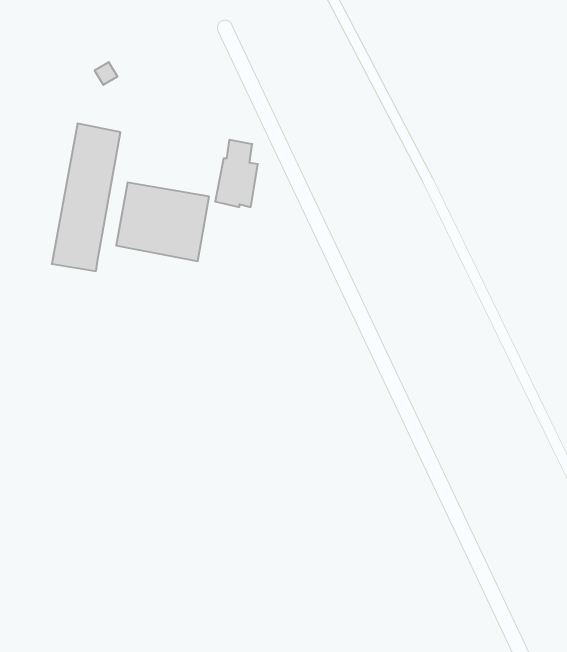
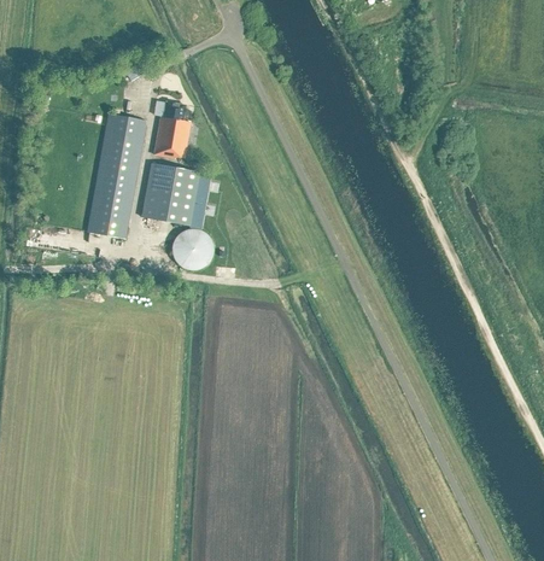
building: [215,140,258,207] -> [153,100,189,157]
building: none -> [171,227,213,269]

